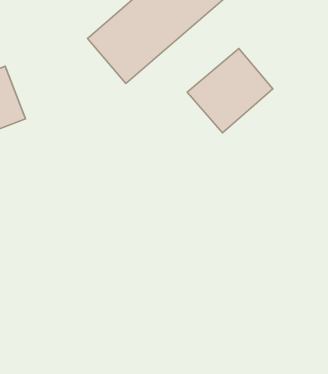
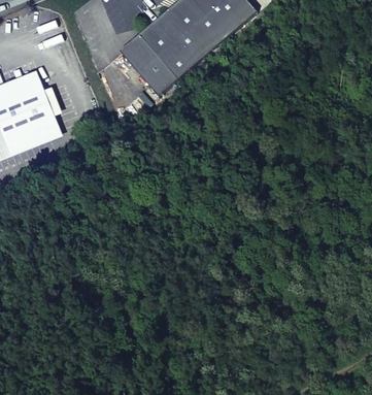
building: [187,48,273,133] -> none

